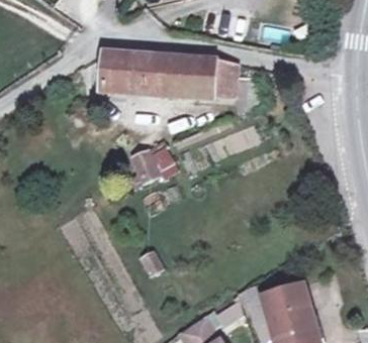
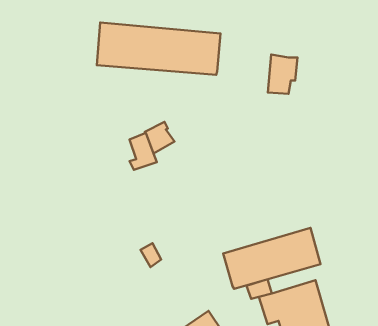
building: [212,59,240,95] -> [268,54,297,94]
building: none -> [223,228,320,289]

